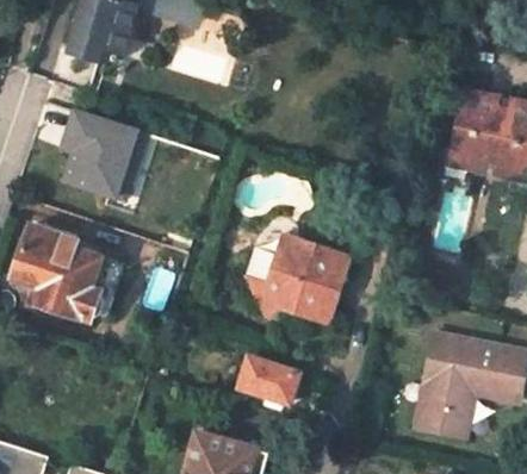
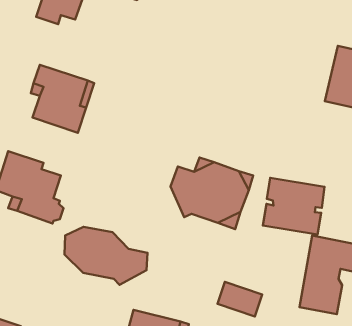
building: none -> [263,178,324,235]
building: none -> [64,227,148,285]
building: [240,357,298,403] -> [218,282,262,316]

